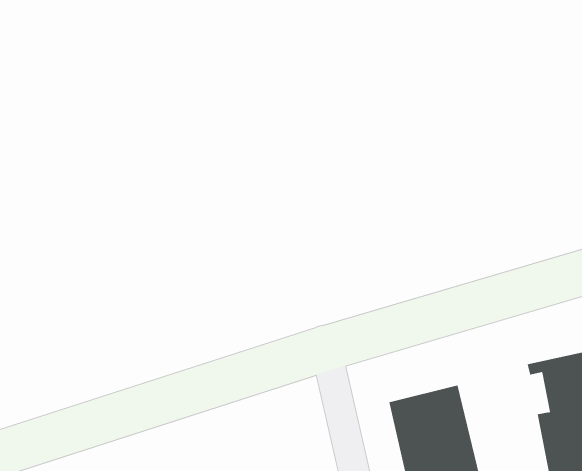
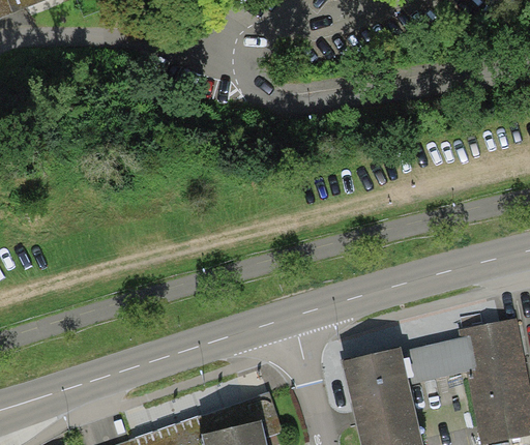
building: none -> [410,336,477,384]

